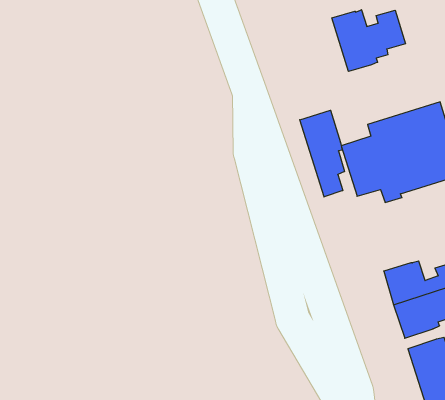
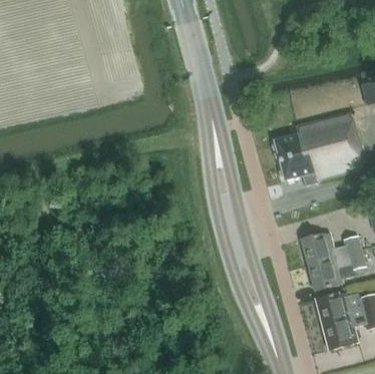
building: [332,10,406,71] -> none
building: [300,110,344,197] -> none

